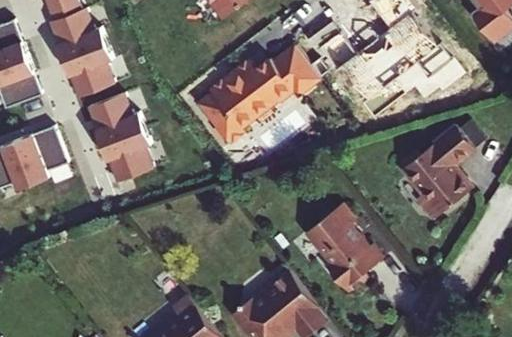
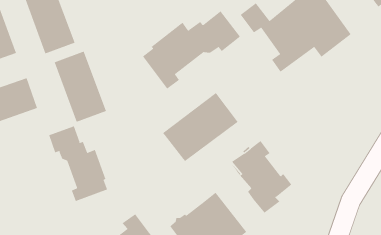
building: [402,125,475,219] -> none
building: none -> [162,92,238,162]
building: none -> [48,126,108,202]

